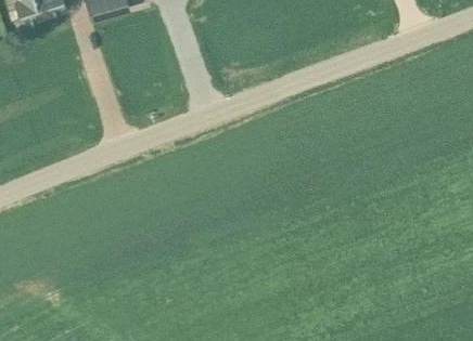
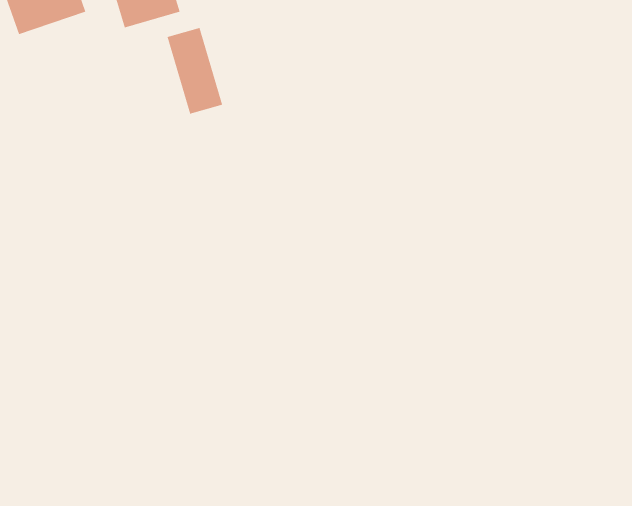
building: none -> [167,27,223,115]

